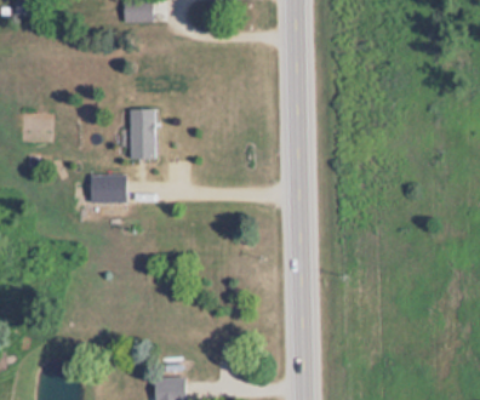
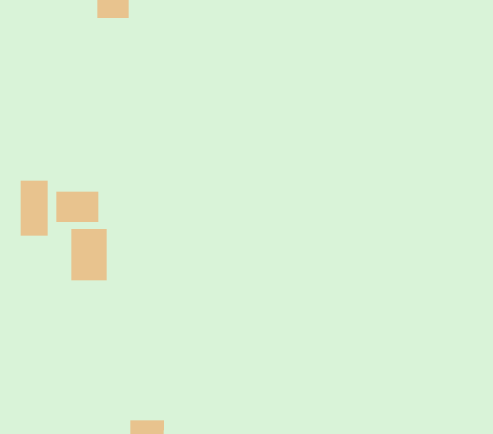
building: [130,109,155,159] -> [20,180,49,236]
building: none -> [71,228,107,281]

